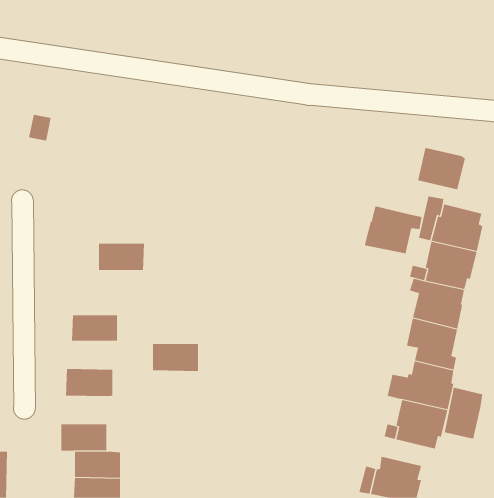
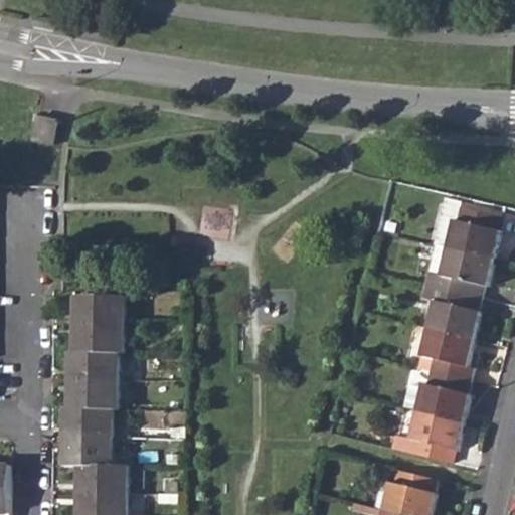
building: [418,147,466,190] -> none
building: [364,206,422,254] -> none
building: [98,243,145,270] -> [74,297,123,325]
building: [152,343,199,372] -> [68,352,117,381]
building: [444,387,483,440] -> none
building: none -> [62,408,112,438]

